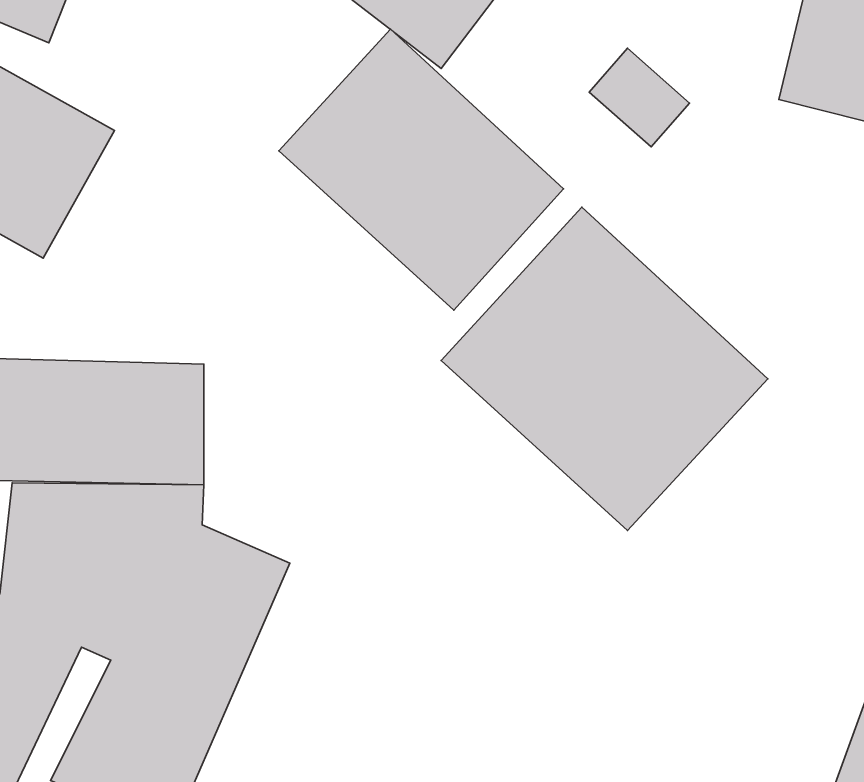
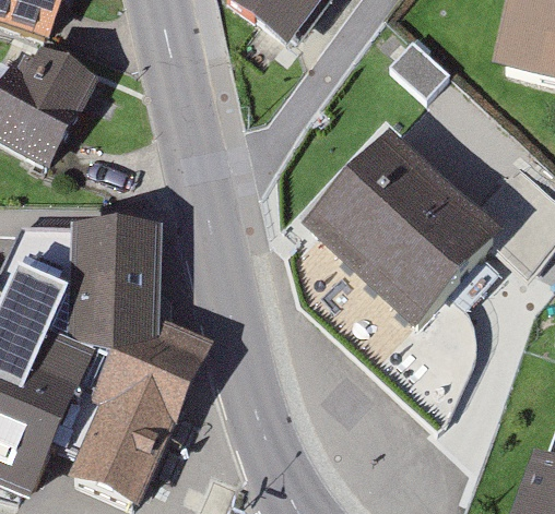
building: [279,29,564,310] -> none

